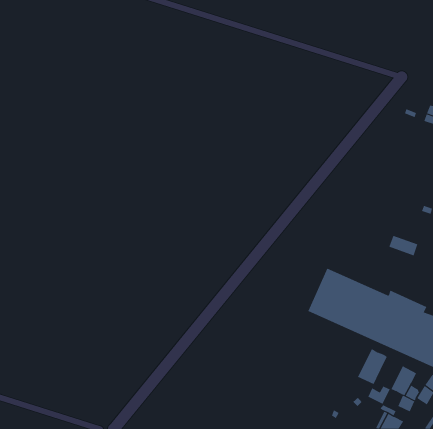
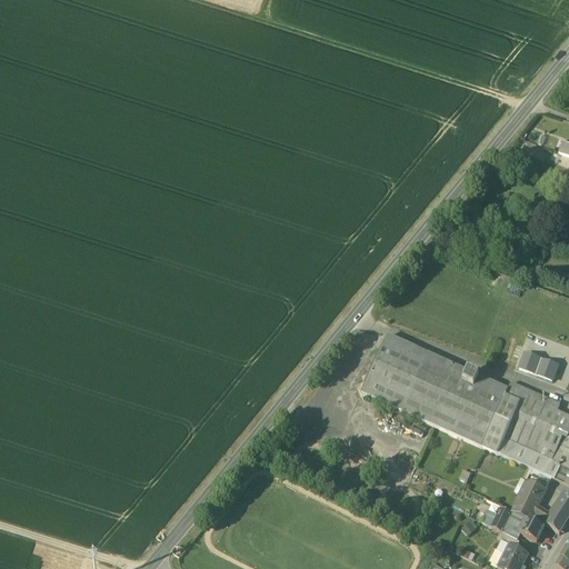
building: [389,235,418,256] -> [520,351,559,379]
building: none -> [361,332,429,408]
building: [357,348,387,385] -> none

